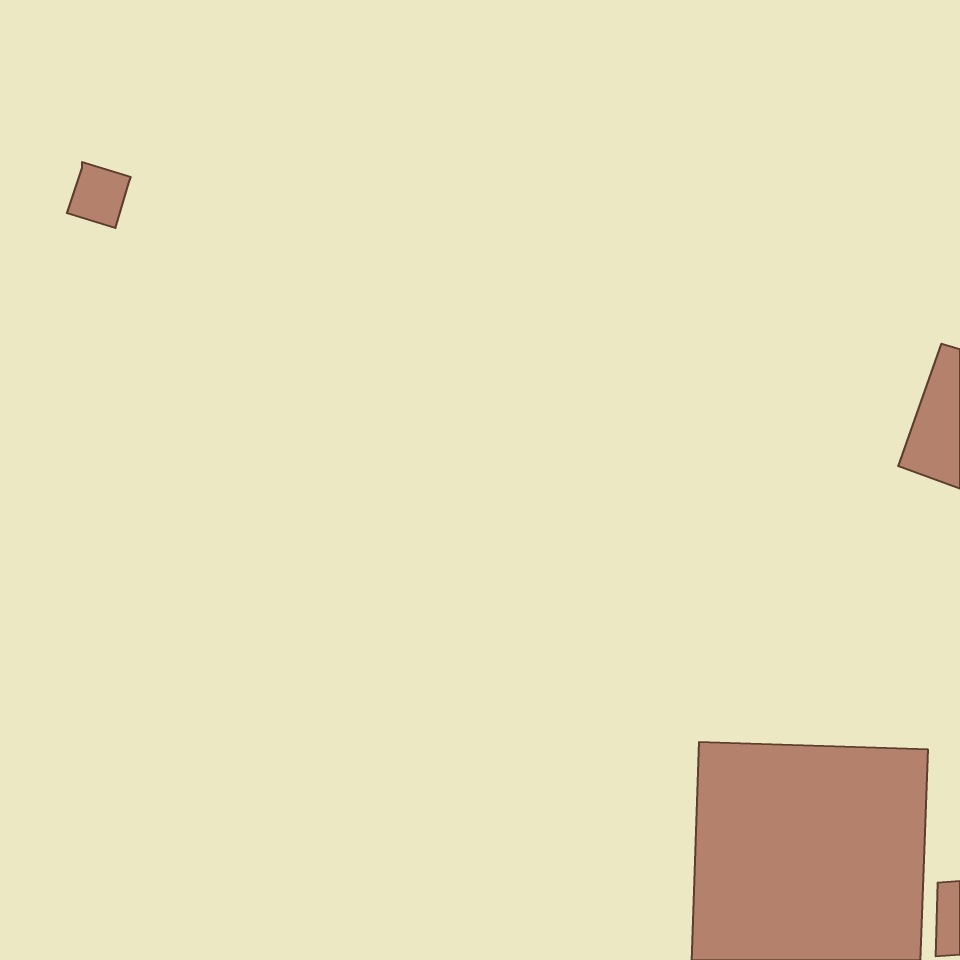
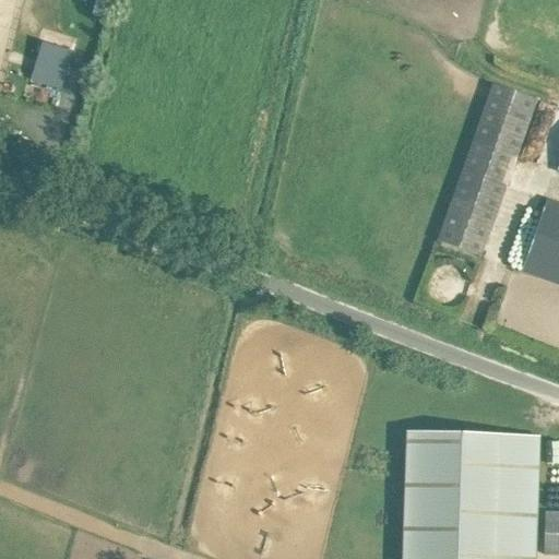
building: none -> [437,85,536,257]
building: [67,162,131,228] -> [34,45,71,83]

